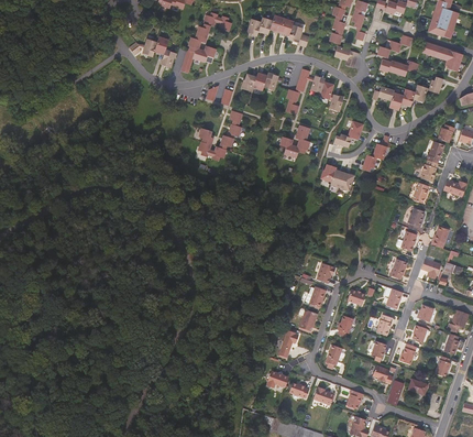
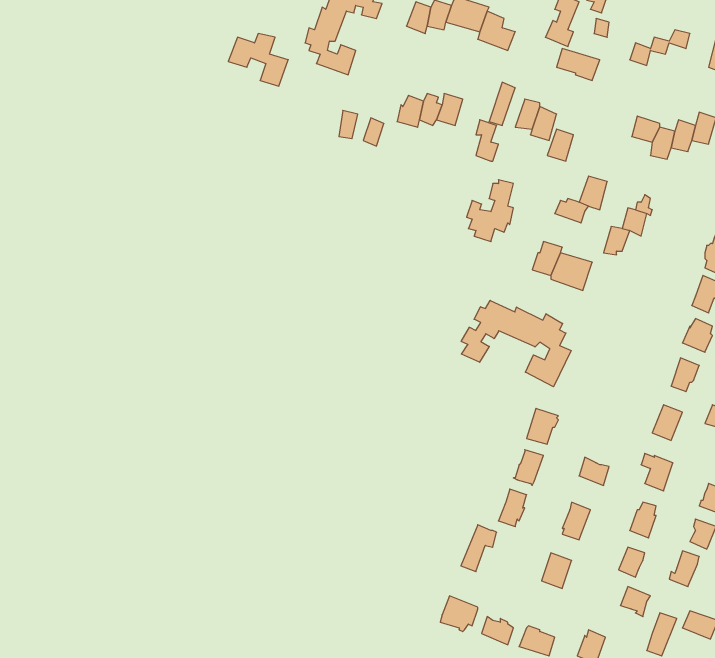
building: [380,61,419,77] -> none
building: [194,111,243,161] -> none
building: none -> [461,300,571,387]

